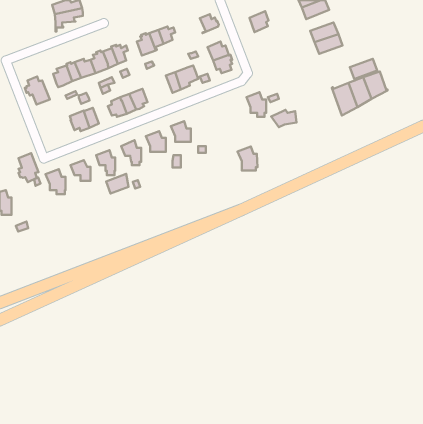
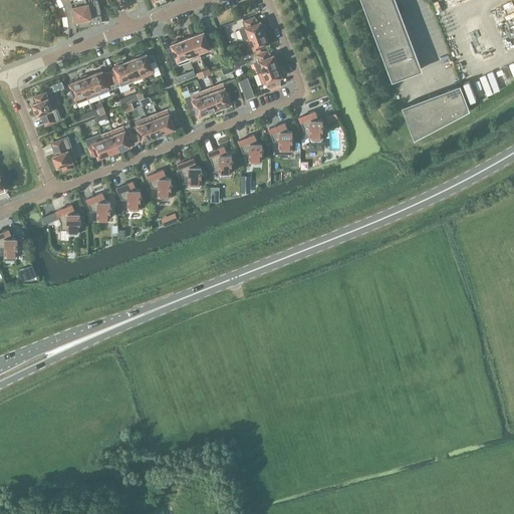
building: none -> [370,12,404,37]
building: [250,11,269,32] -> [245,32,268,57]
building: [350,59,377,81] -> [387,55,420,81]
building: none -> [184,91,209,116]
building: none -> [112,124,136,152]
building: [271,110,296,127] -> none
building: none -> [238,136,261,161]
building: [238,146,257,170] -> [268,123,292,153]
building: [19,153,39,182] -> [51,138,75,173]
building: [106,174,128,193] -> none

